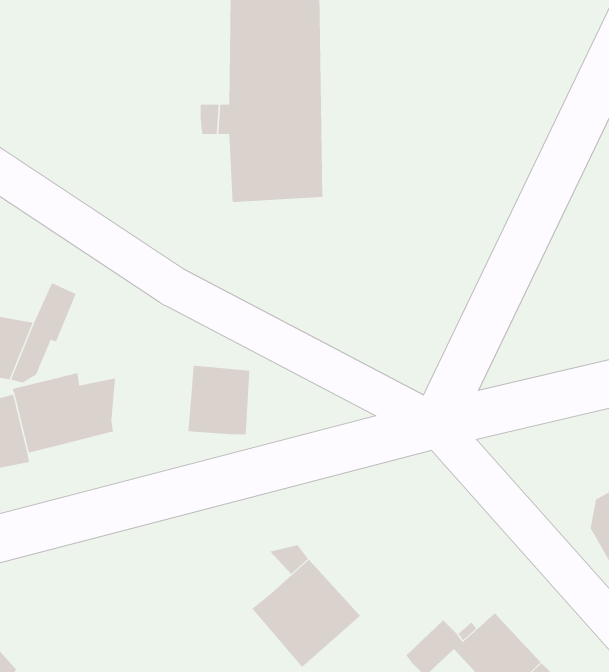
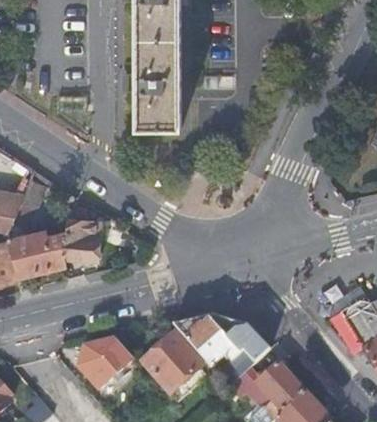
building: [188,365,250,435] -> [65,219,100,258]
building: none -> [174,315,270,387]
building: none -> [79,339,135,389]

